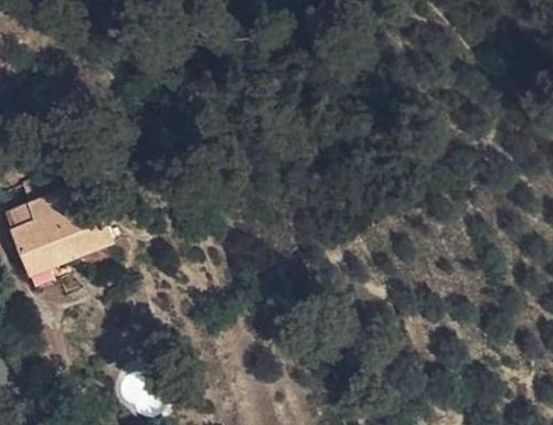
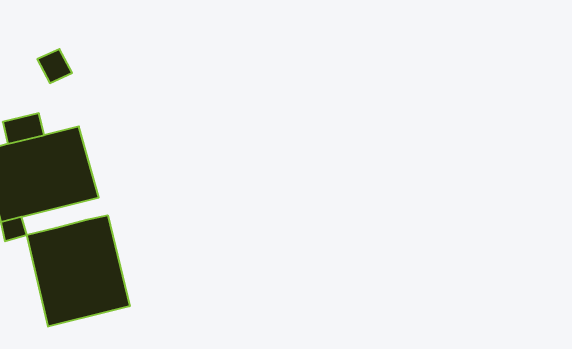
building: none -> [27,215,130,327]

